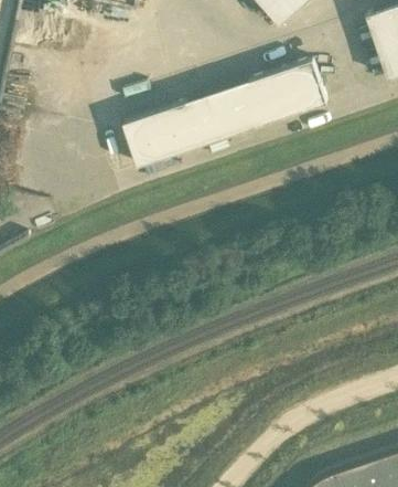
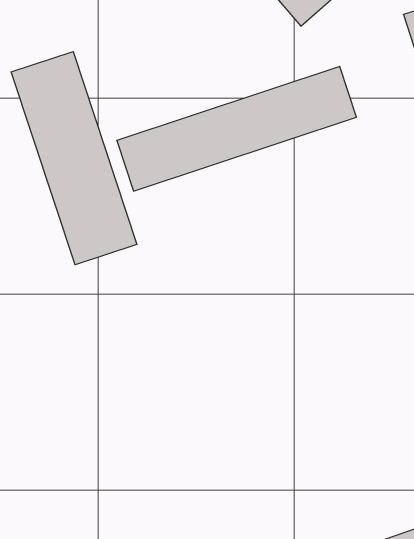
building: none -> [11,52,137,265]

